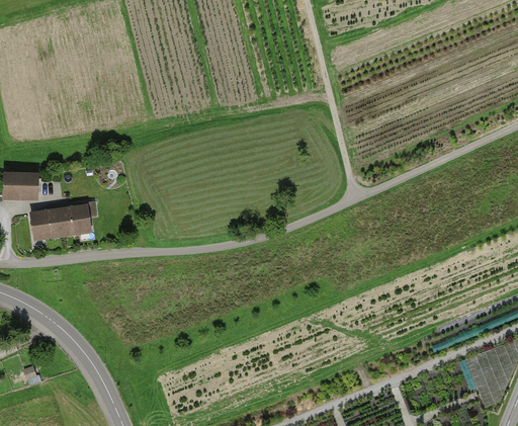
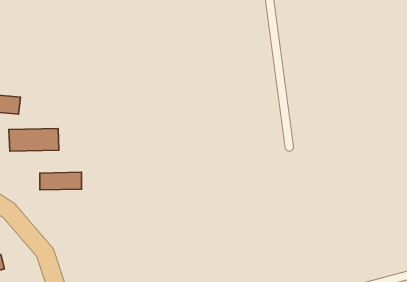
building: none -> [40,172,82,190]

